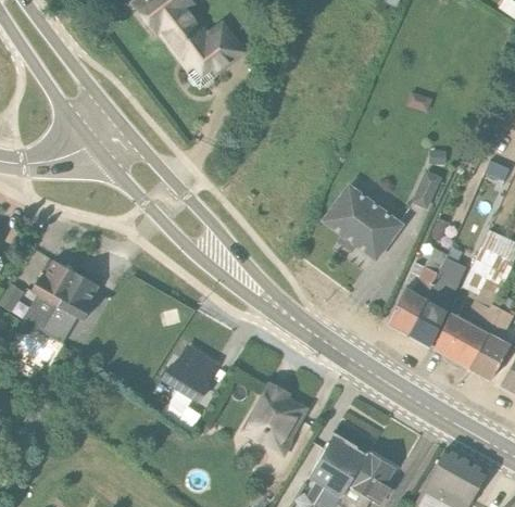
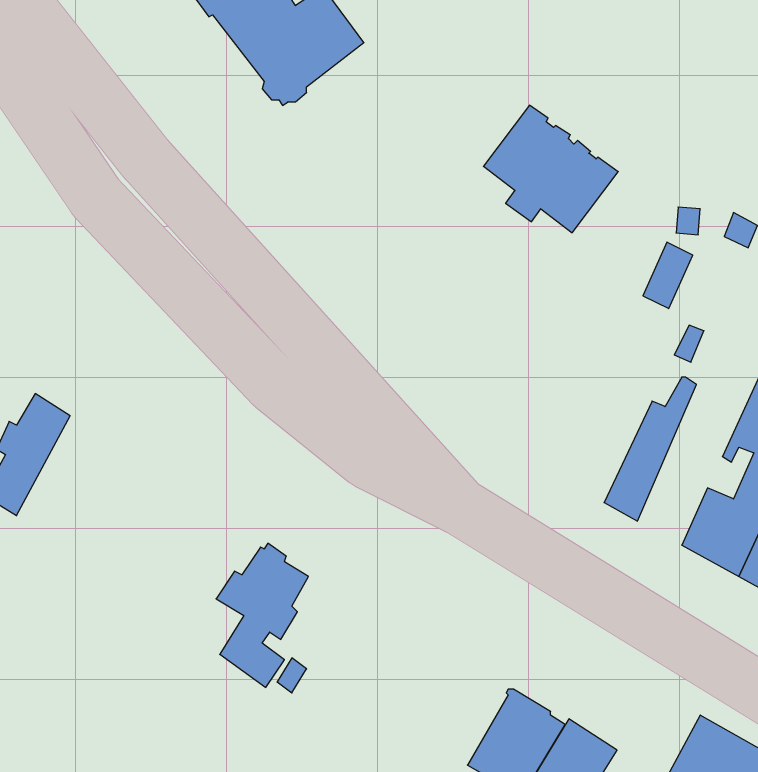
building: [324,185,403,259] -> [483,105,618,233]
building: [409,256,465,345] -> none
building: [43,272,99,343] -> none
building: [243,388,301,453] -> none

